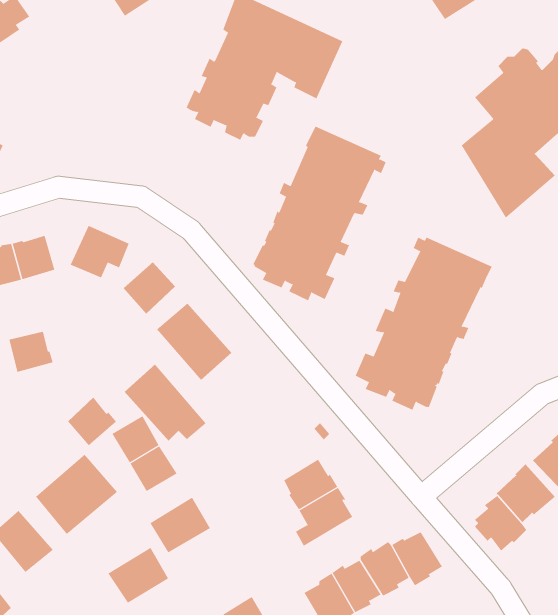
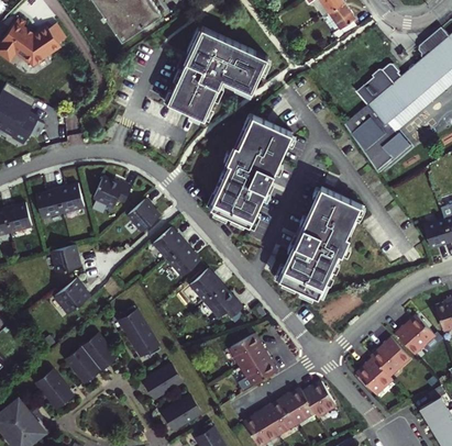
building: [124,364,207,441] -> [183,271,238,323]
building: [67,396,117,446] -> [51,282,84,315]
building: [108,547,169,603] -> [159,390,200,427]

